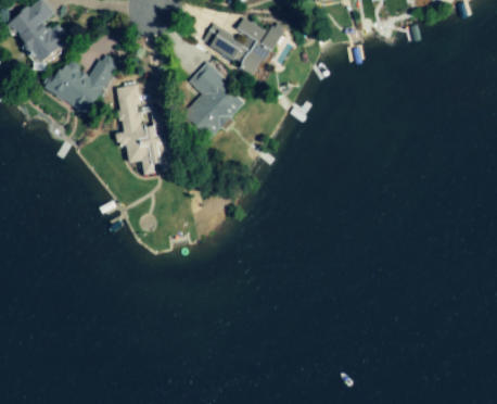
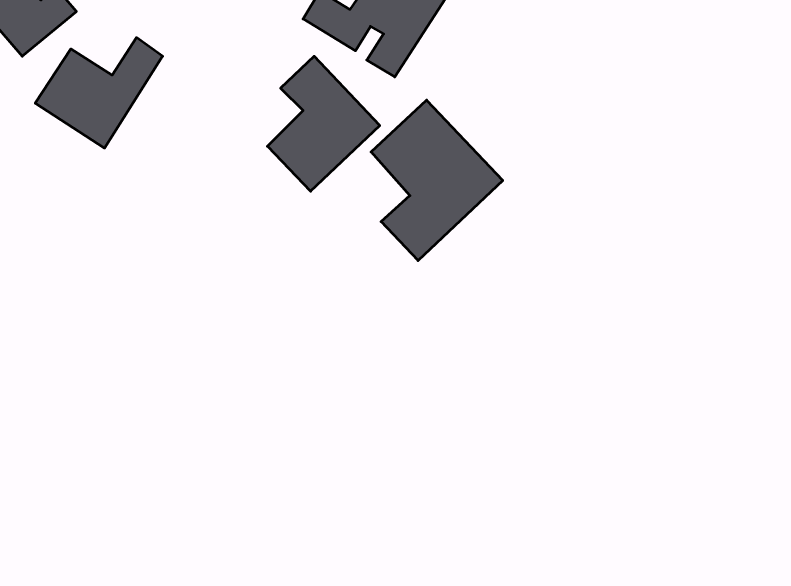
building: [115,85,170,175] -> none
building: none -> [371,100,503,261]

